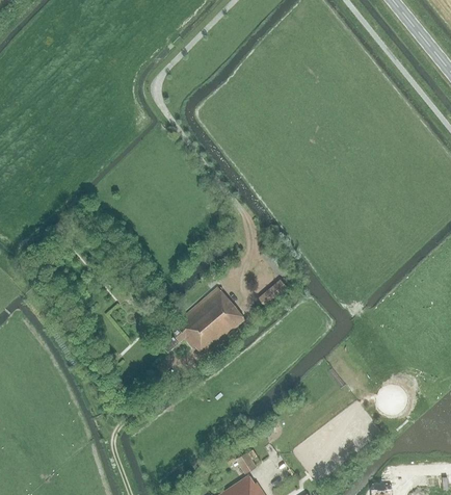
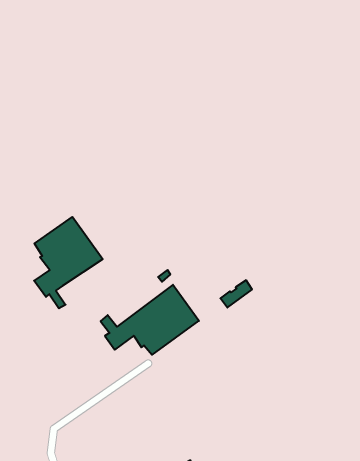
building: none -> [34,217,103,308]

